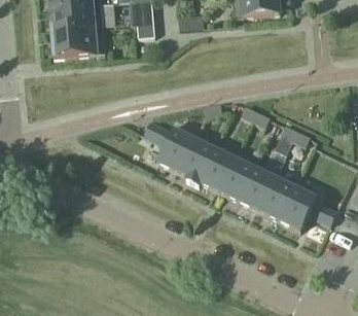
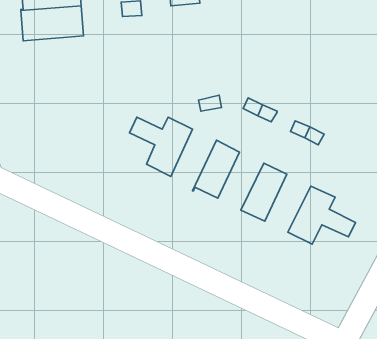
building: [178,134,217,186] -> none
building: [218,153,257,203] -> none
building: [258,172,297,221] -> none

